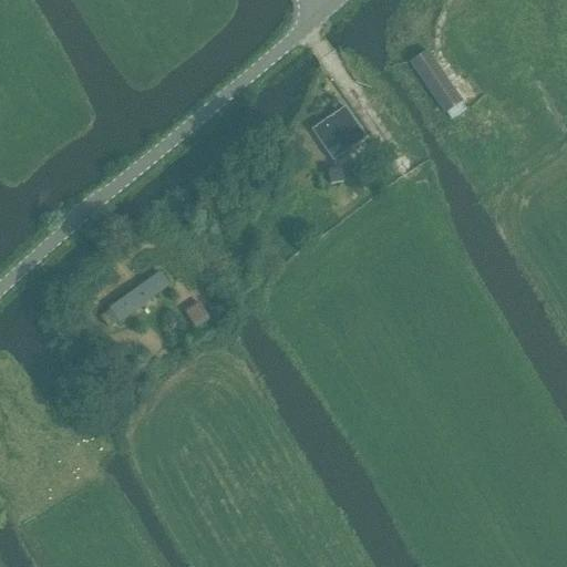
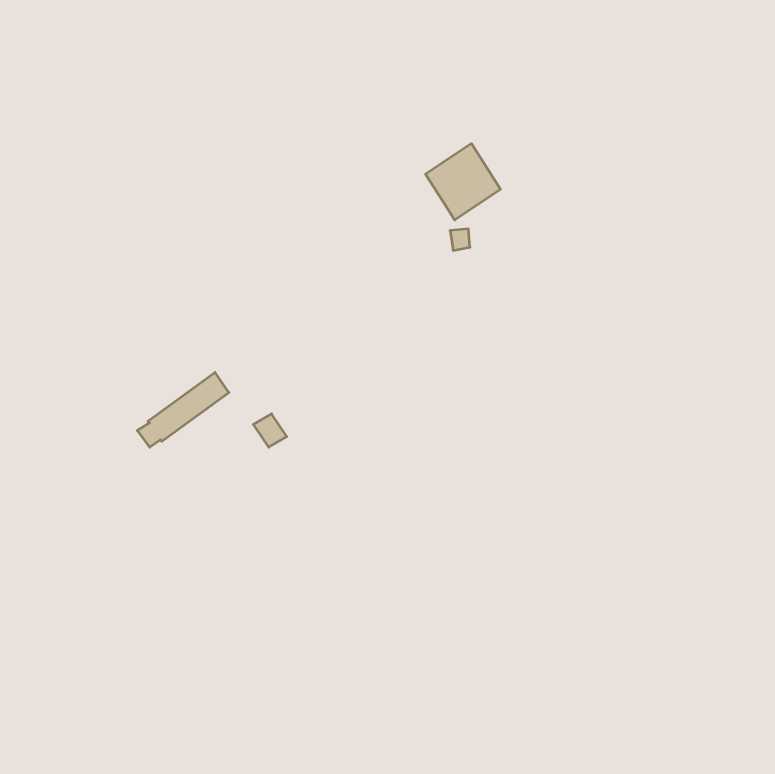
building: [412,50,462,113] -> none

